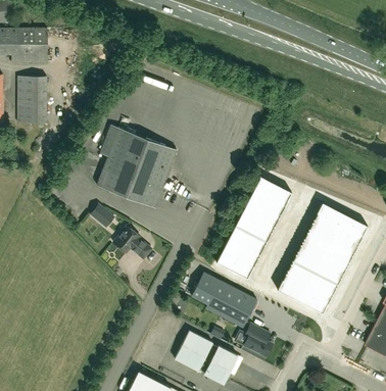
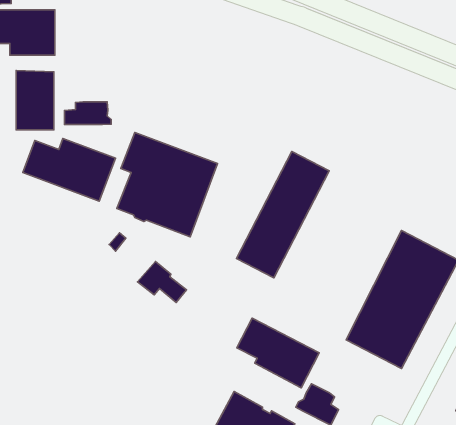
building: none -> [64,102,111,125]
building: none -> [23,139,115,201]
building: [216,177,290,277] -> [237,151,329,278]

